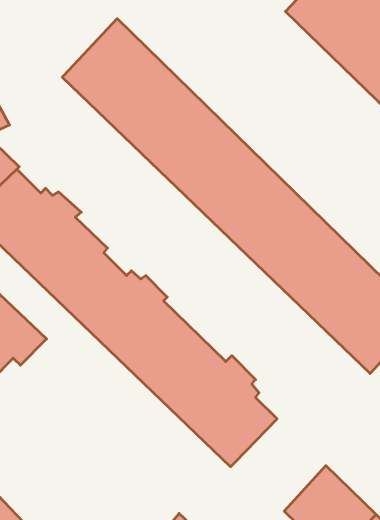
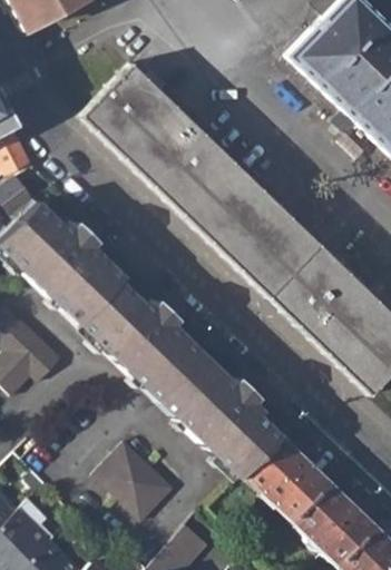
building: none -> [242,434,326,520]
building: none -> [95,441,176,521]

